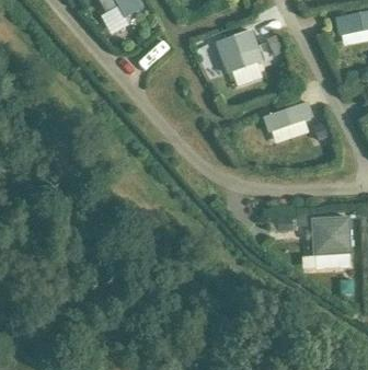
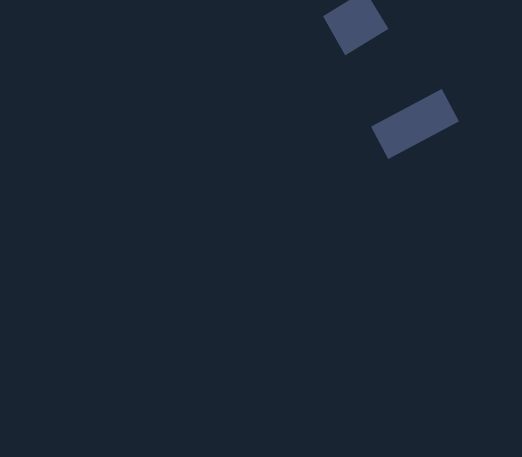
building: [310,220,349,258] -> none

